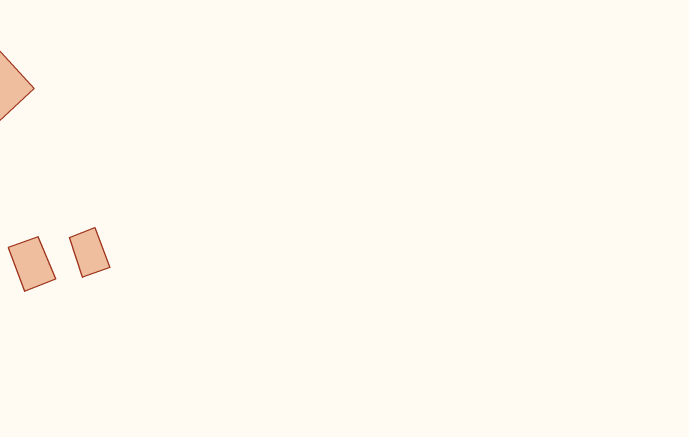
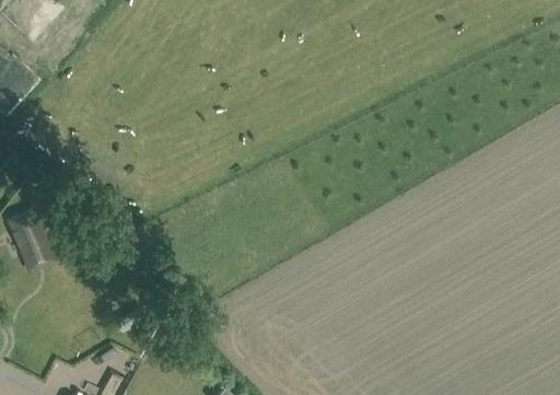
building: [69,228,110,277] -> none

